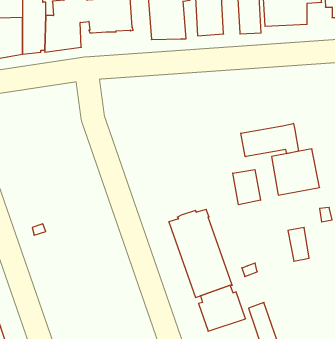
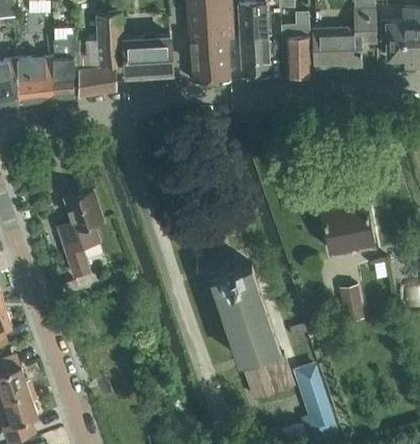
building: [241,123,299,157] -> none
building: none -> [57,189,103,277]
building: [233,170,261,205] -> none

